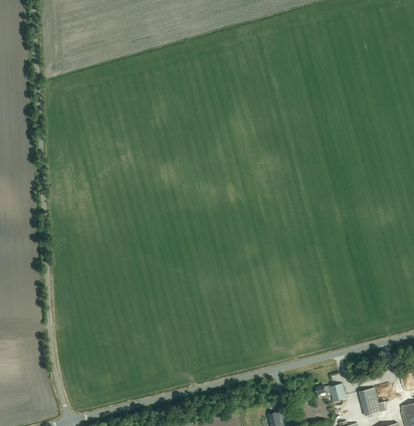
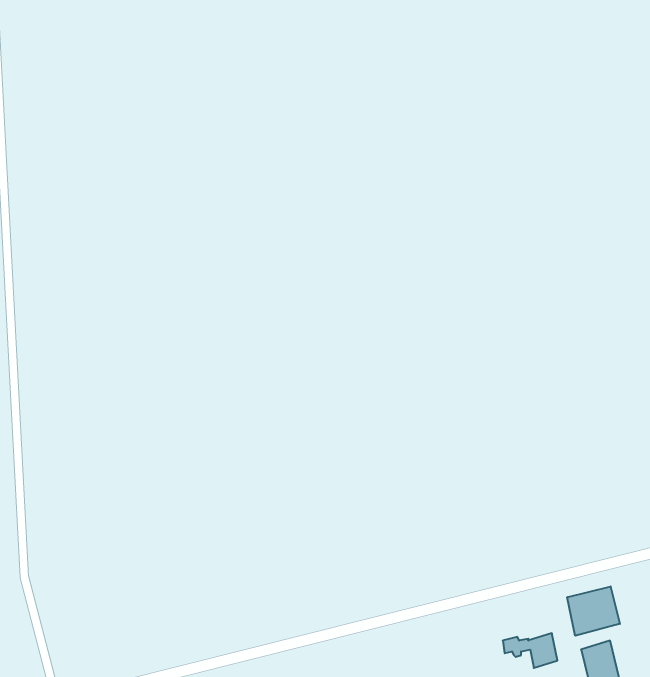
building: none -> [567,586,620,636]

